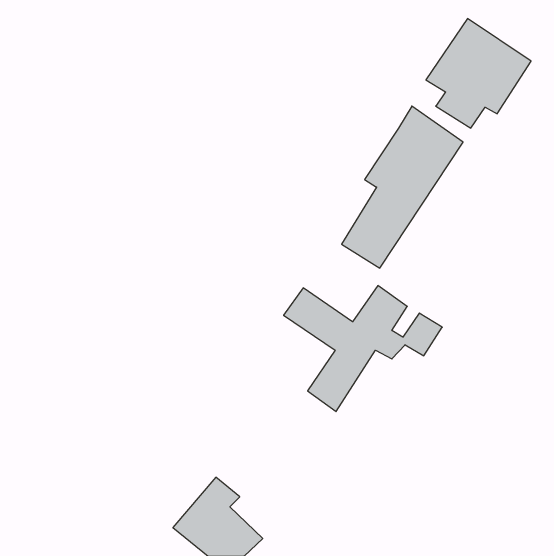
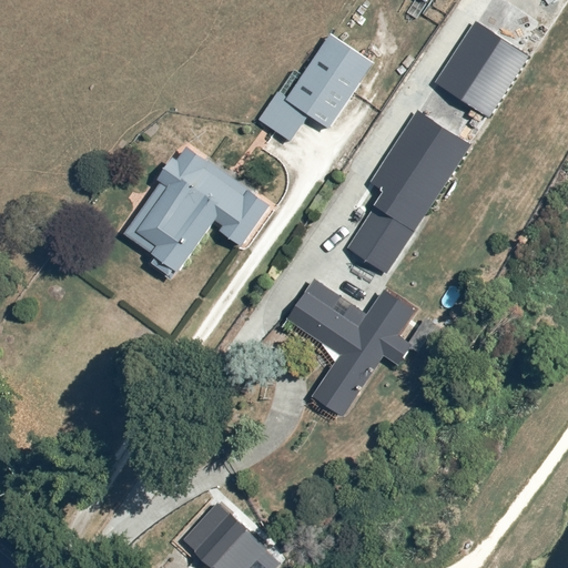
building: none -> [256,33,373,140]
building: none -> [124,145,272,278]

